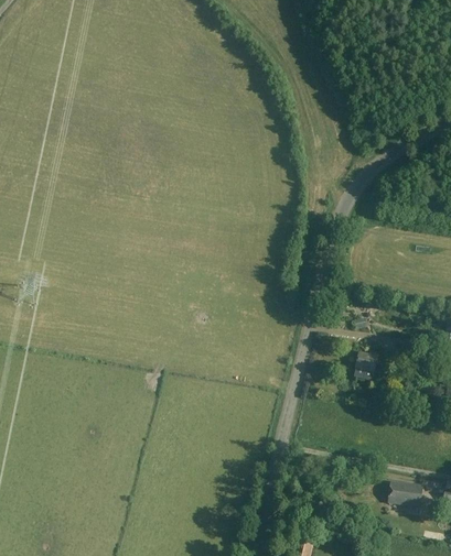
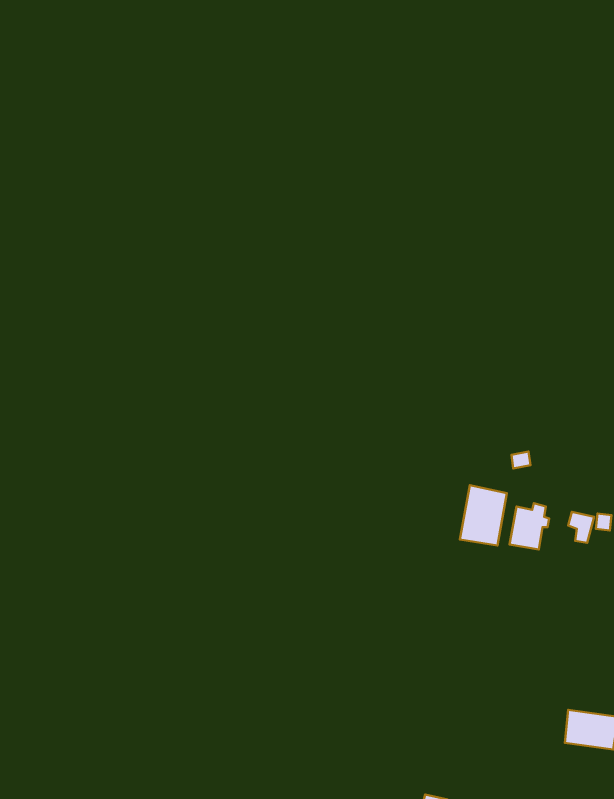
building: none -> [460,485,507,546]

